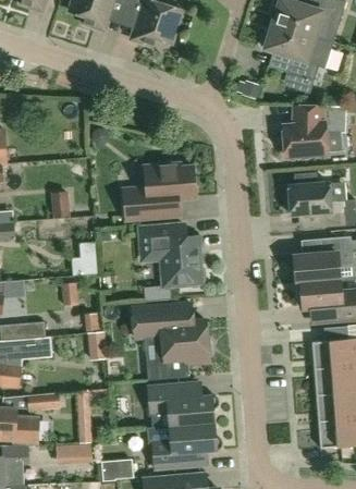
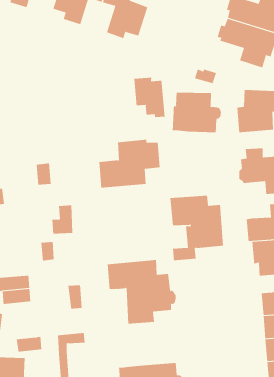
building: none -> [134,75,165,118]
building: none -> [172,92,222,133]
building: [139,224,202,301] -> [169,195,224,261]
building: [149,382,220,428] -> none

